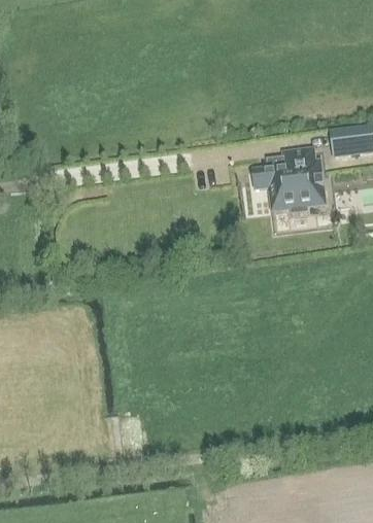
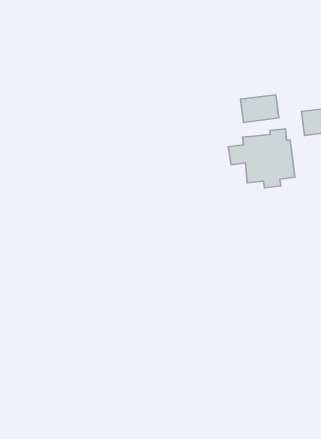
building: none -> [240,95,279,122]

